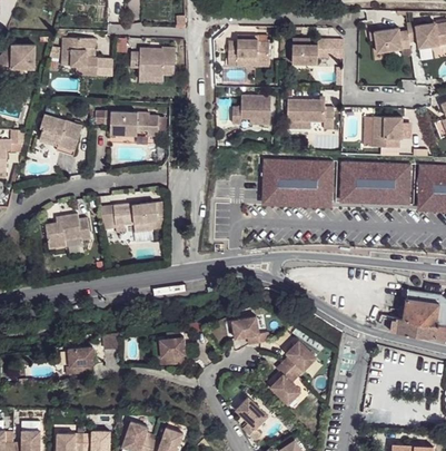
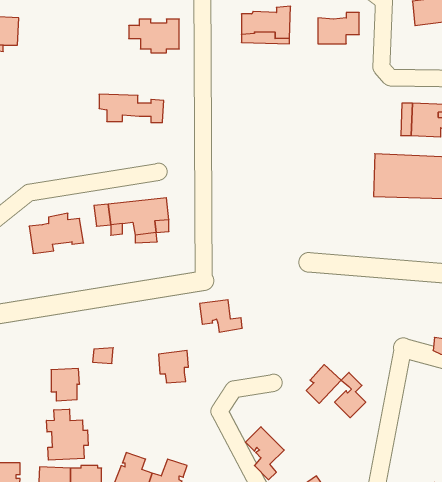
building: [61,39,98,77] -> none
building: [234,98,271,128] -> none
building: [290,101,336,131] -> none
building: [42,114,85,157] -> none
building: [264,160,335,205] -> none
building: [234,318,270,346] -> [200,300,242,332]
building: [271,366,298,405] -> [335,372,366,418]
building: none -> [47,409,88,460]

